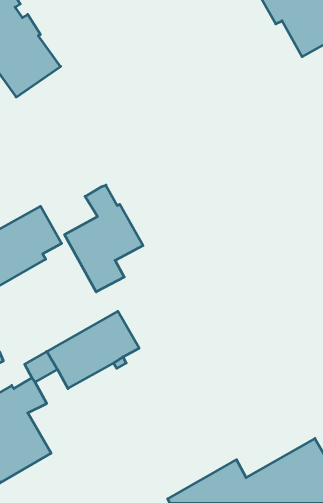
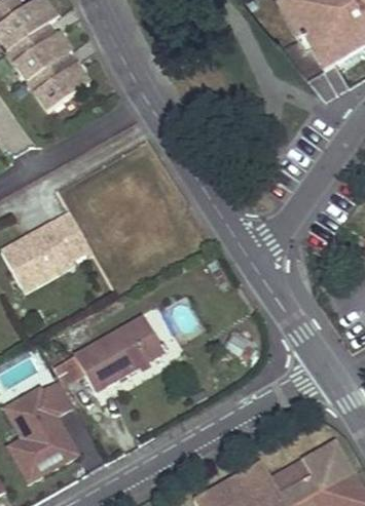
building: [65,185,143,292] -> none

